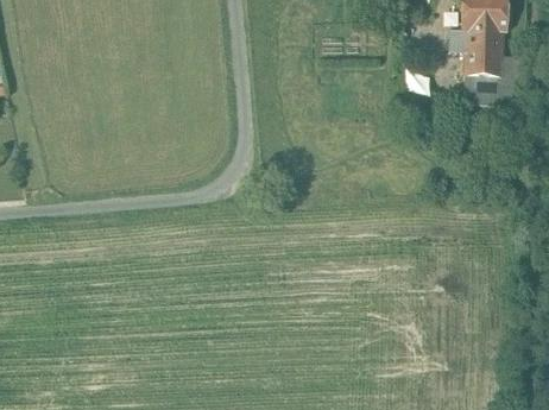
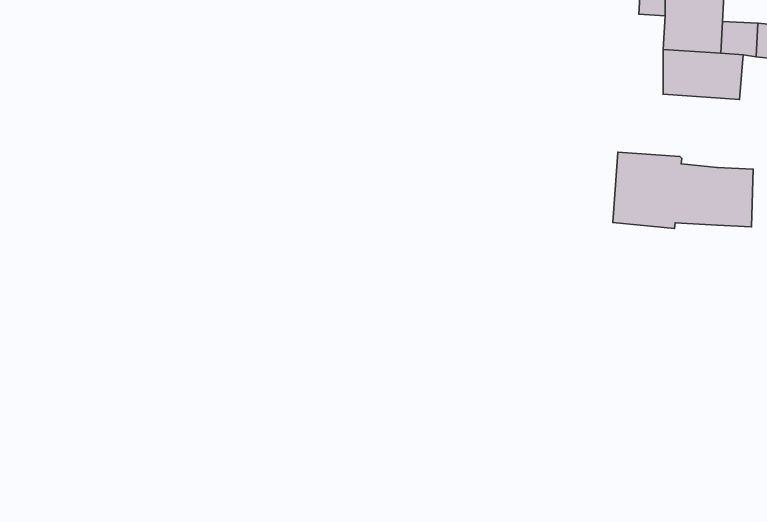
building: none -> [613,152,753,228]

